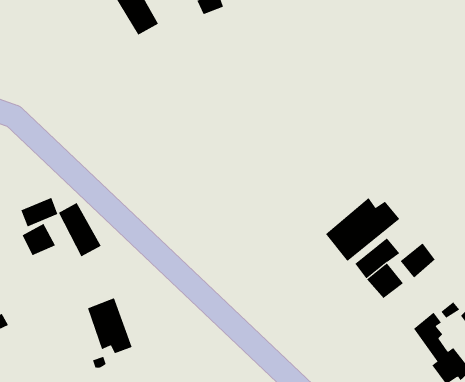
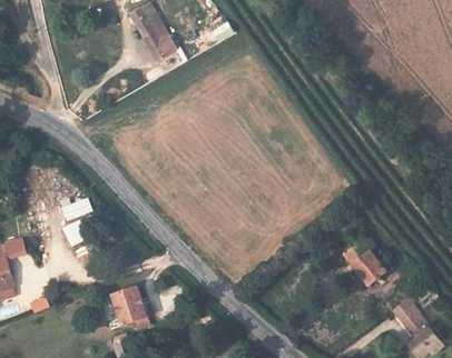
building: [325,197,400,262] -> none
building: [58,202,102,257] -> none
building: [400,242,436,279] -> none

